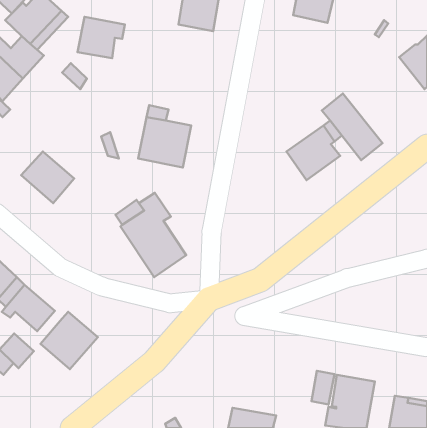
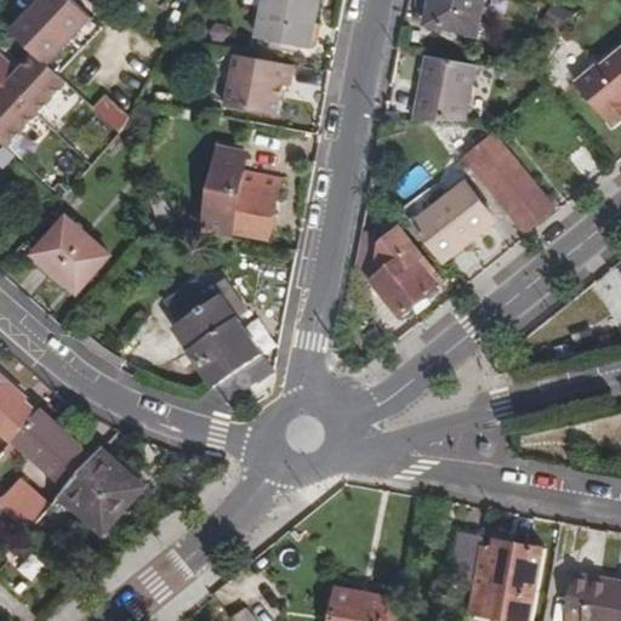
building: [78,17,125,58] -> [224,53,292,113]
building: none -> [410,53,472,120]
building: none -> [349,226,439,312]

